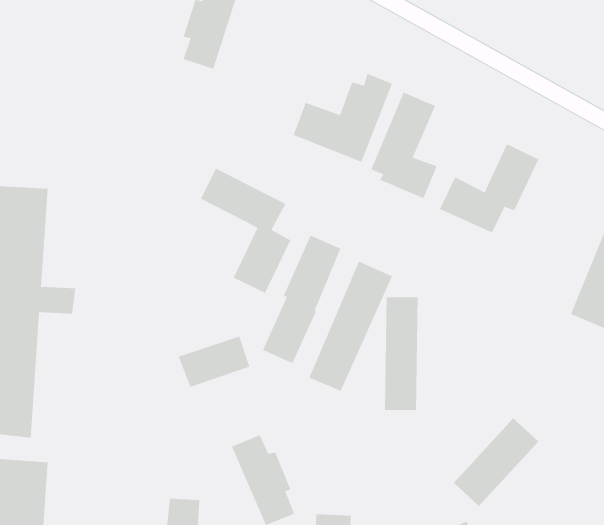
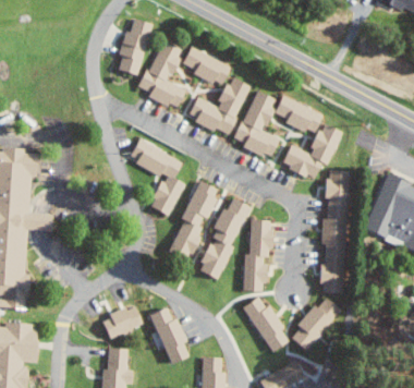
building: none -> [142,40,186,108]
building: none -> [183,46,231,85]
building: none -> [275,96,321,133]
building: none -> [319,169,348,293]
building: [178,336,250,388] -> [99,305,145,338]
building: none -> [243,296,289,352]

